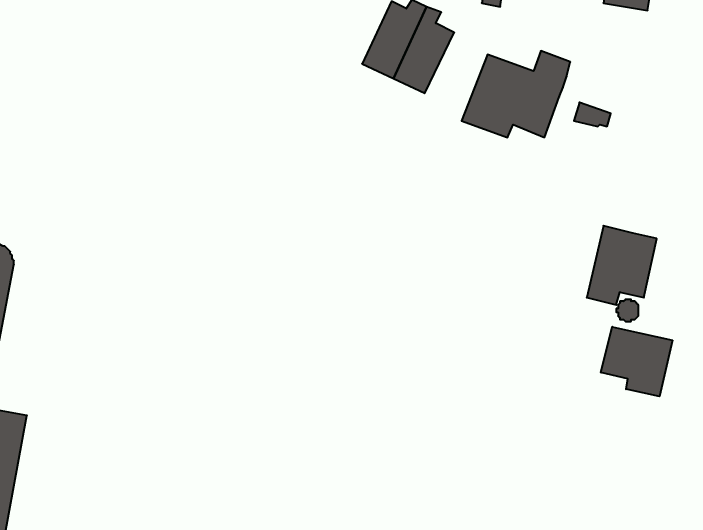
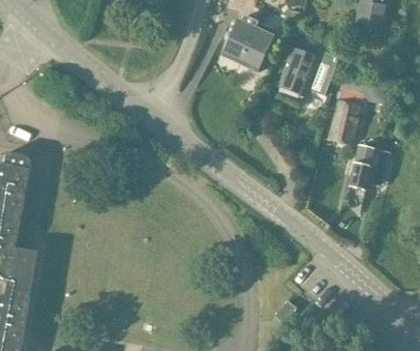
building: none -> [331,89,362,144]
building: [601,327,672,396] -> none

